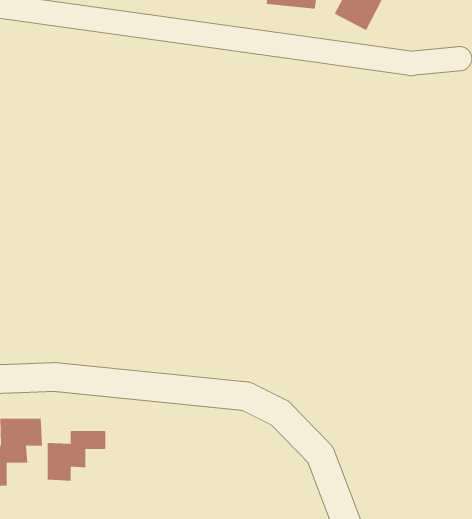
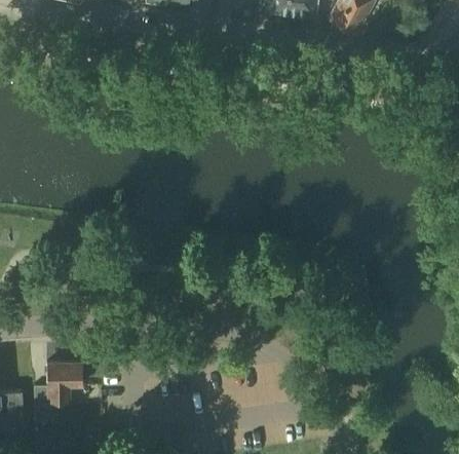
building: [47,430,106,481] -> none

